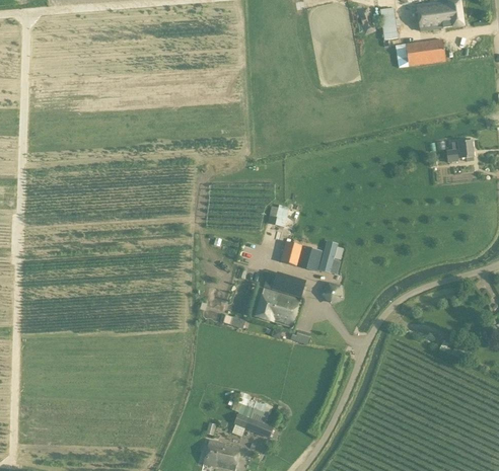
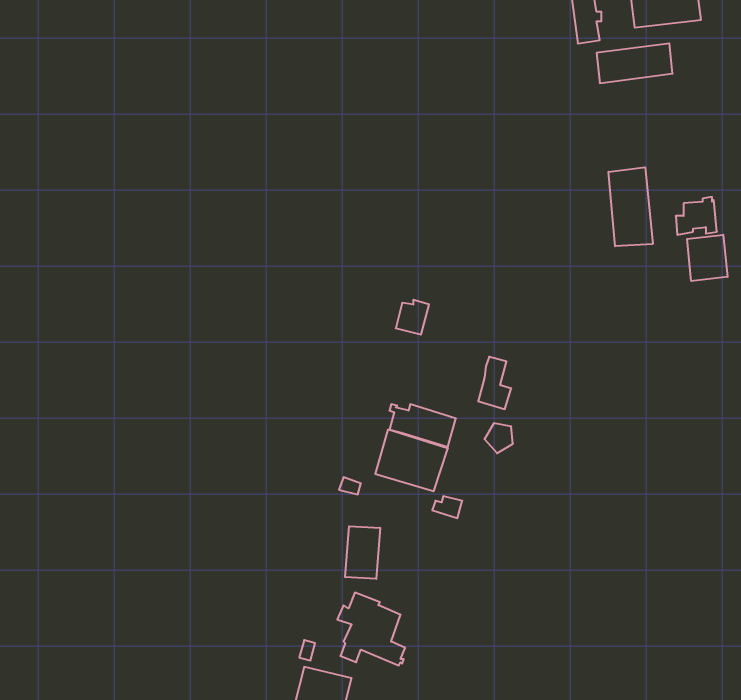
building: none -> [609,167,653,246]
building: none -> [687,235,728,281]
building: [280,241,322,270] -> none
building: none -> [345,526,380,579]

